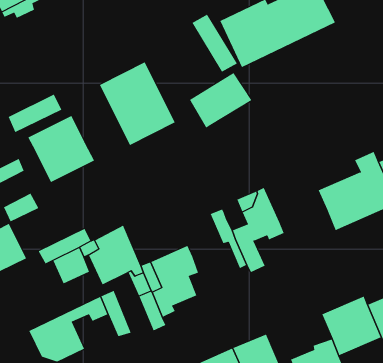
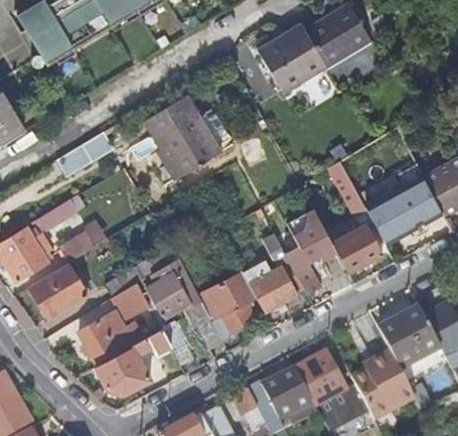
building: [189,72,252,128] -> none
building: [28,115,95,183] -> none
building: none -> [328,160,383,273]
building: none -> [249,265,297,312]
building: none -> [79,310,133,364]

